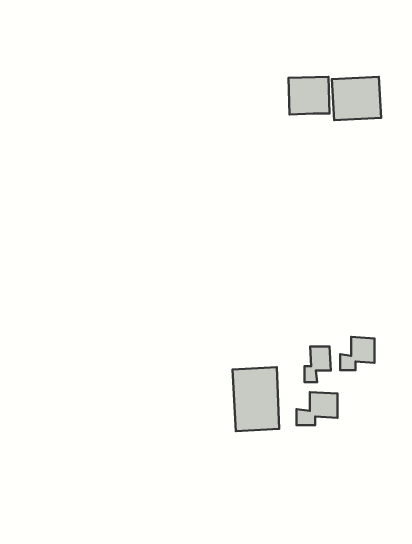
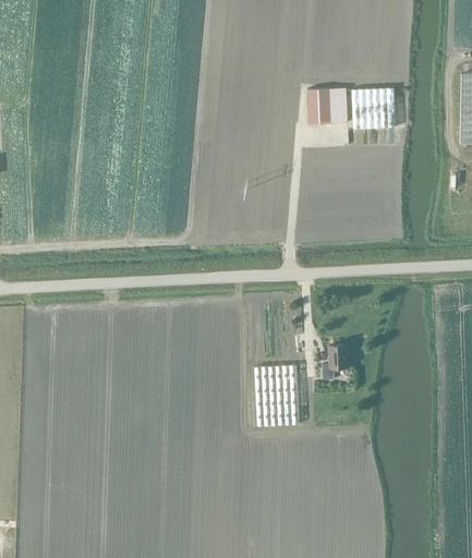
building: [340,337,374,370] -> none
building: [296,392,338,425] -> none

